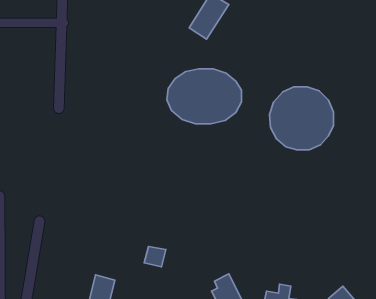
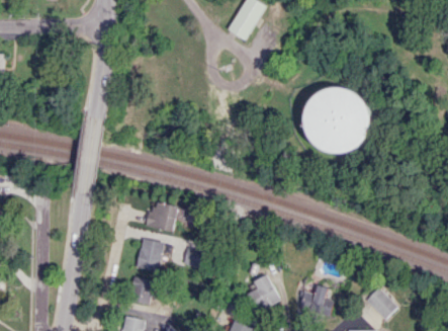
building: [167,69,242,124] -> none
building: none -> [145,200,179,232]
building: none -> [137,239,170,270]

